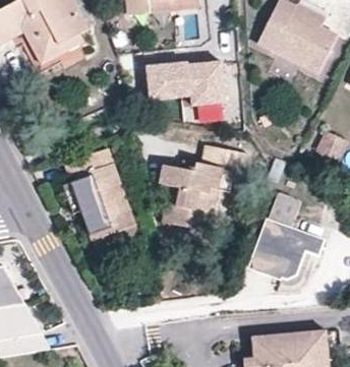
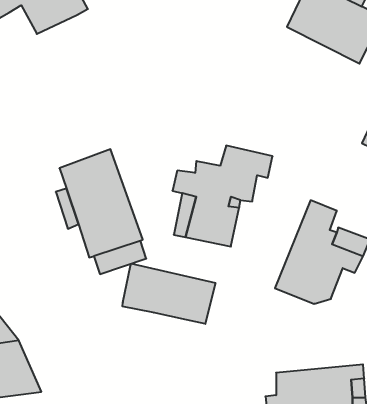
building: [20,24,83,64] -> none
building: [144,60,225,107] -> none
building: none -> [122,264,215,324]

